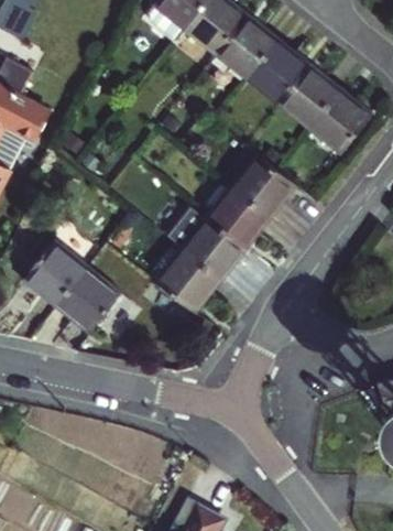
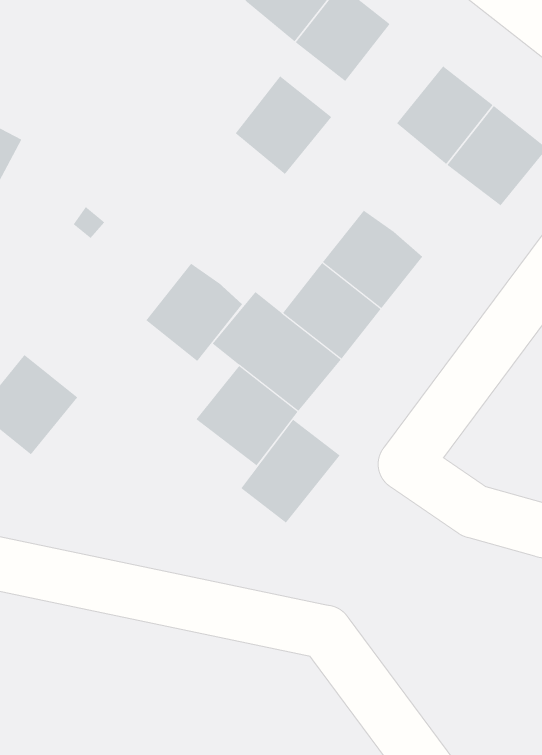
building: [248,42,307,102] -> [235,76,332,175]
building: none -> [146,263,243,362]
building: [56,270,120,333] -> none
building: none -> [241,419,341,524]

